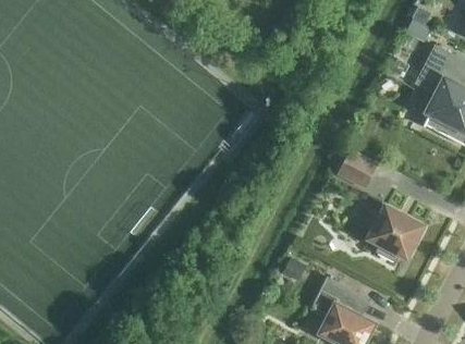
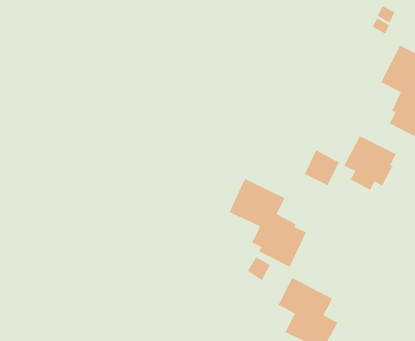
building: none -> [228,178,309,268]
building: [368,207,421,262] -> [343,135,397,191]

